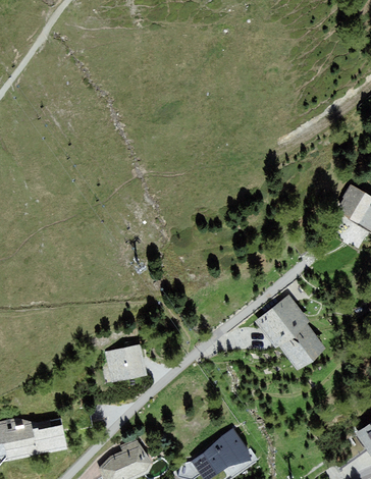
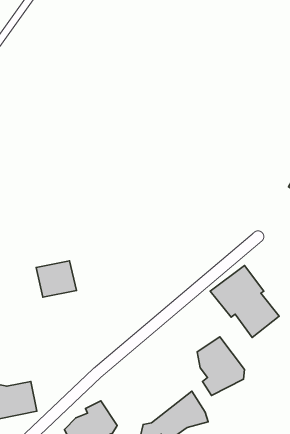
building: [104,344,147,383] -> [36,261,76,297]
building: none -> [197,337,244,396]

